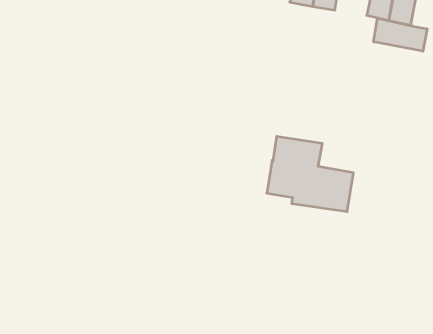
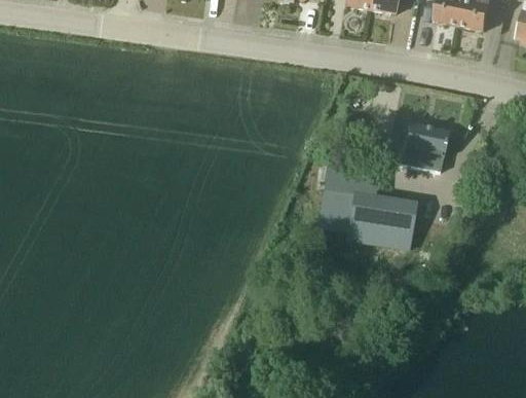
building: [374,18,427,51] -> none
building: none -> [402,124,448,172]

